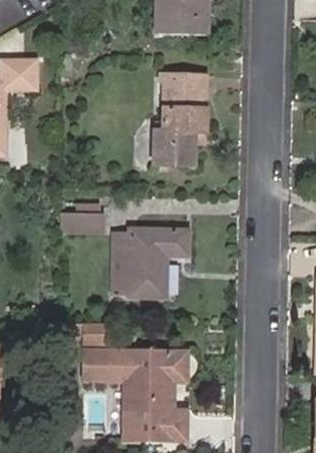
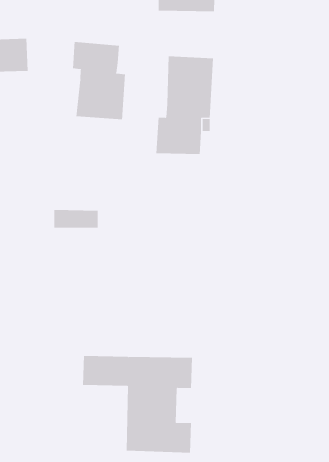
building: none -> [73,41,126,120]
building: [111,229,189,298] -> none

